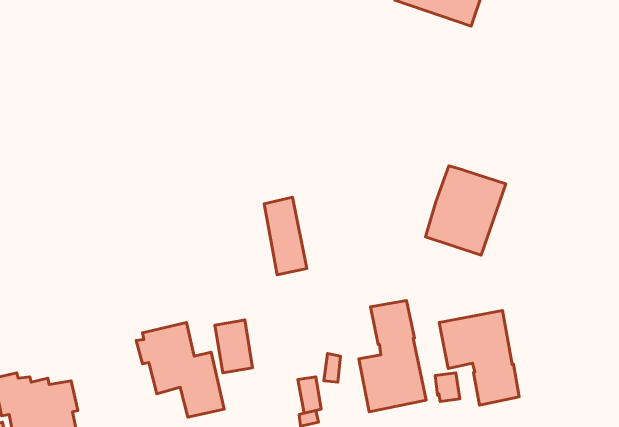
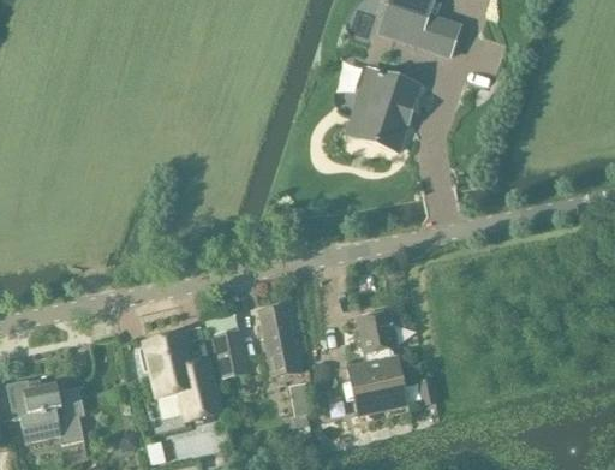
building: [425,166,506,255] -> [346,67,420,150]
building: [264,197,307,275] -> [258,304,298,376]
building: [439,311,519,405] -> none

